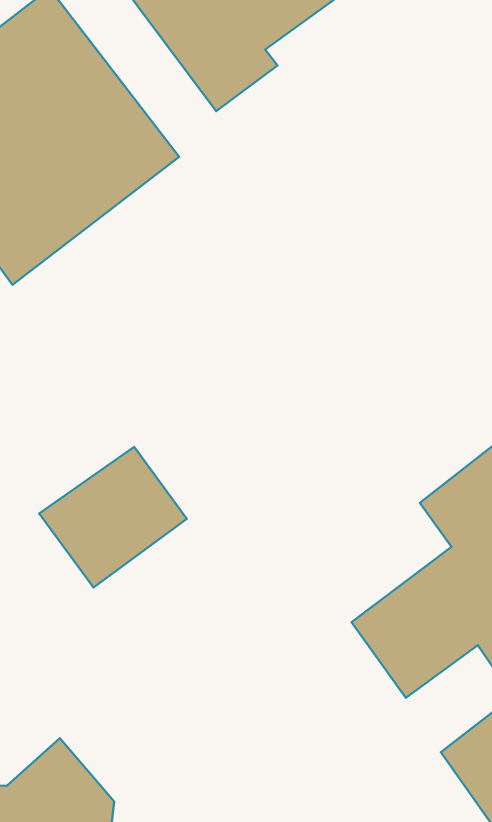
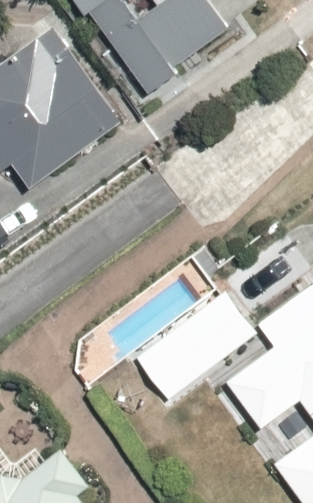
building: [39,447,187,587] -> [162,296,246,376]

